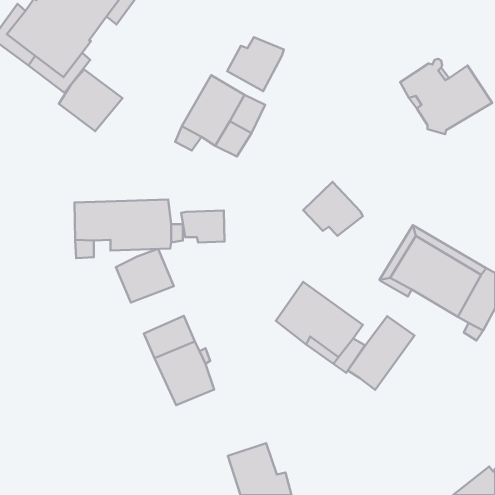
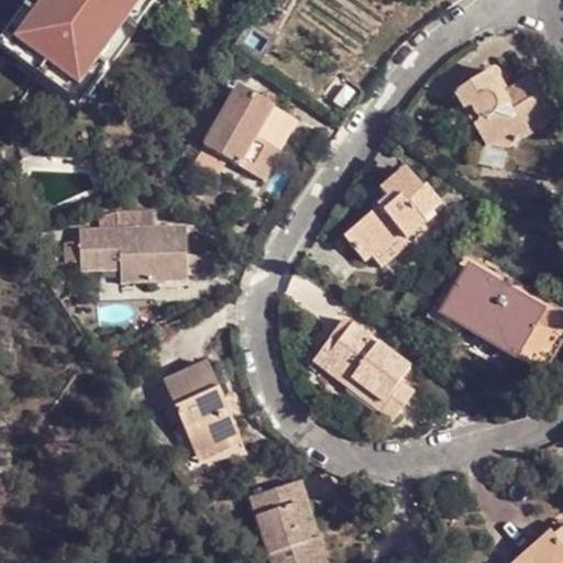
building: [227,37,284,91] -> none
building: [59,69,122,131] -> none
building: none -> [374,166,437,238]
building: [181,210,225,242] -> none
building: [116,249,174,302] -> none
building: [348,316,415,390] -> none
building: none -> [250,476,321,533]

